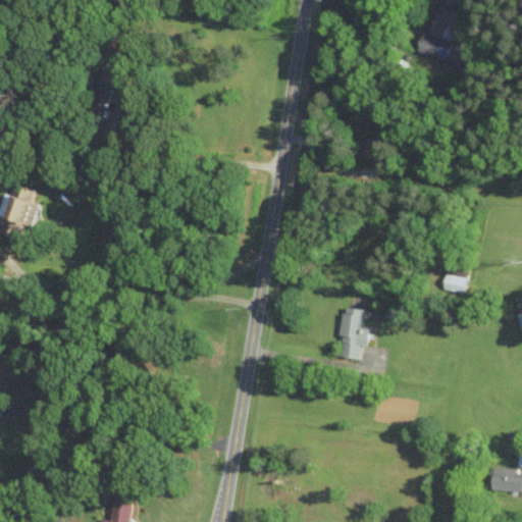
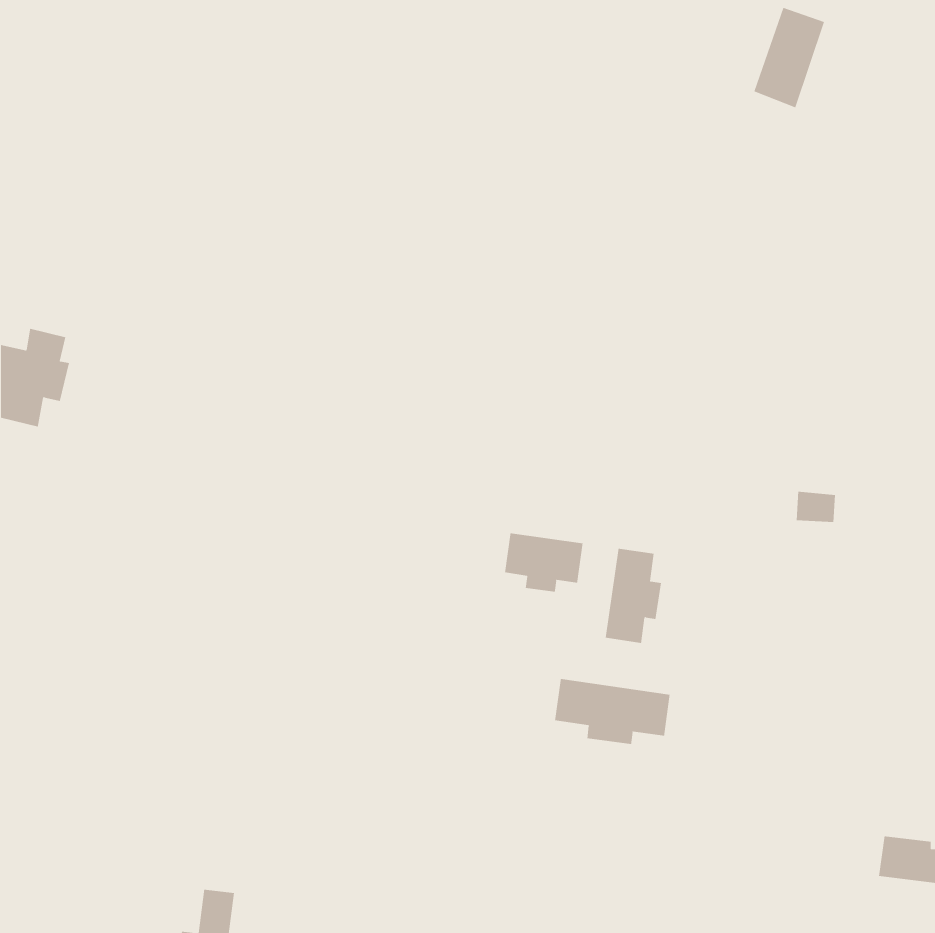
building: none -> [504,532,583,593]
building: none -> [555,678,670,745]

